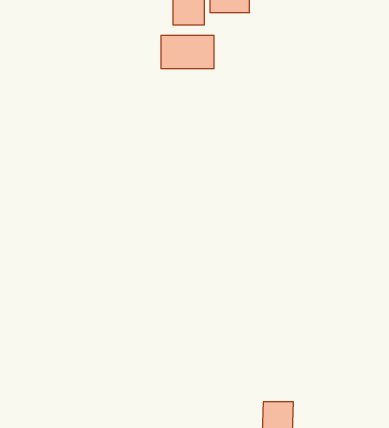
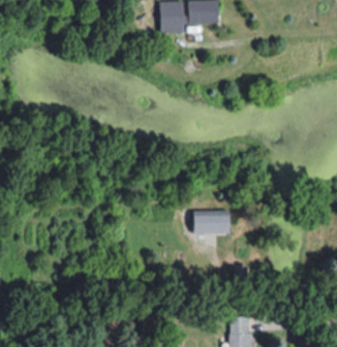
building: [161,35,214,69] -> none
building: none -> [194,216,229,233]

